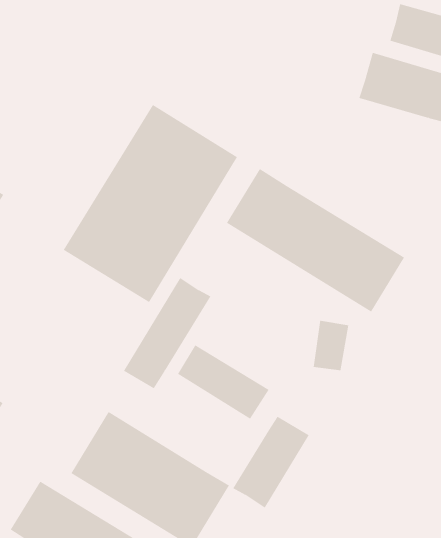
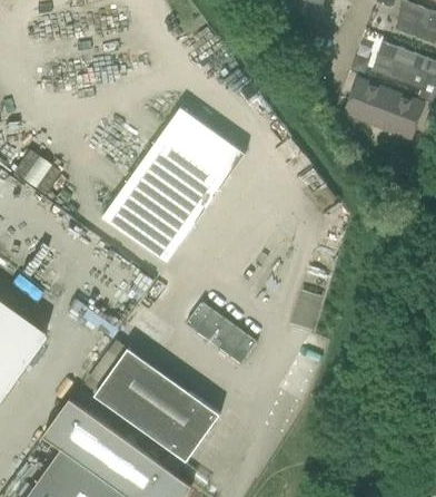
building: [226,168,405,312] -> none
building: [123,277,211,389] -> none
building: [232,416,310,508] -> none

